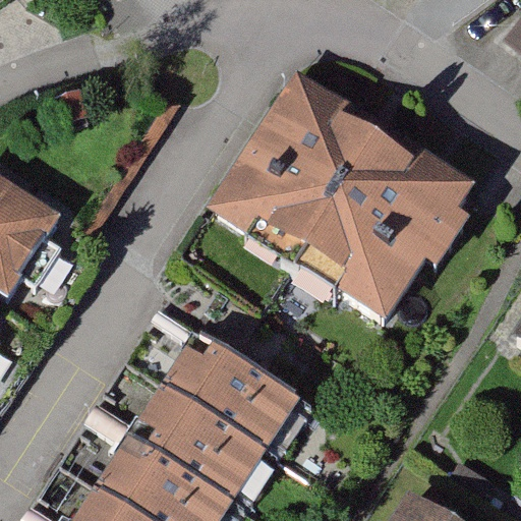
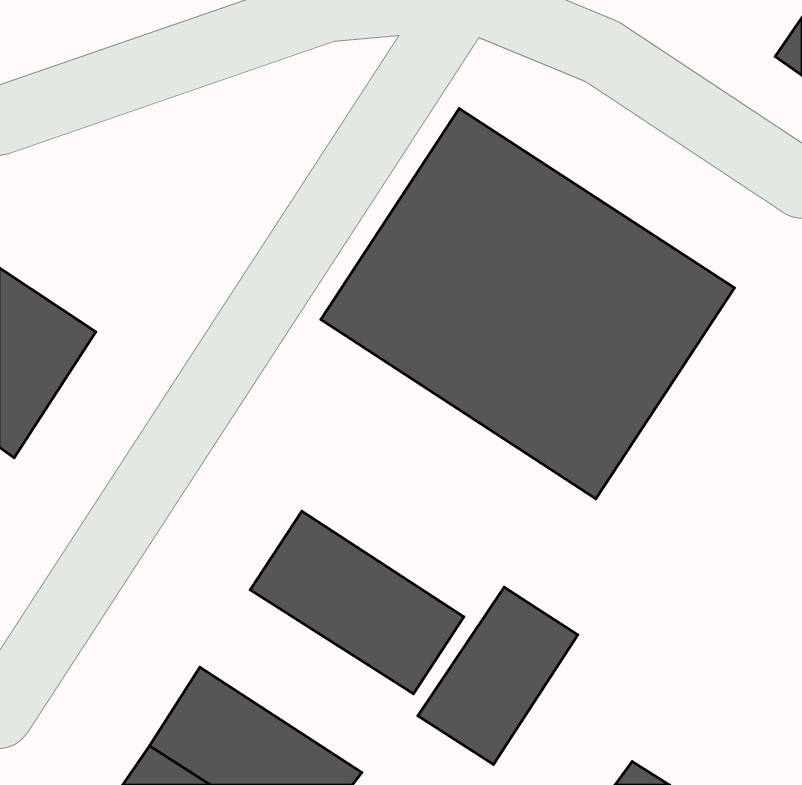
building: none -> [418,587,578,764]
building: [129,382,268,500] -> none

